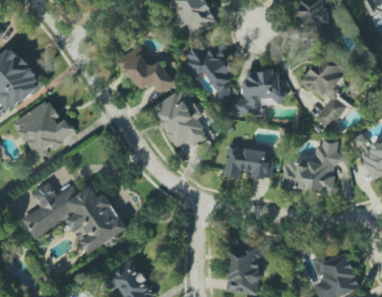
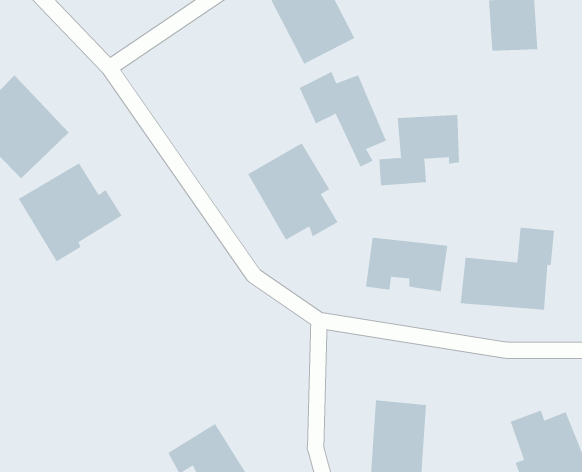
building: [119,49,175,97] -> none
building: [302,56,348,130] -> none
building: [21,182,128,256] -> none

